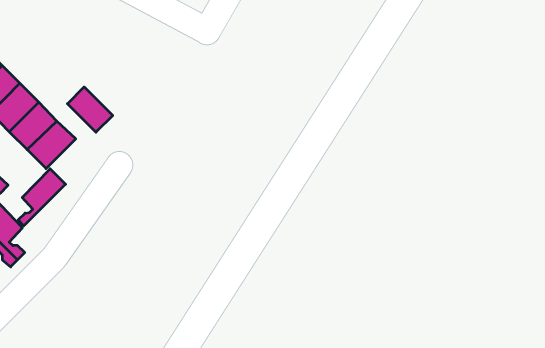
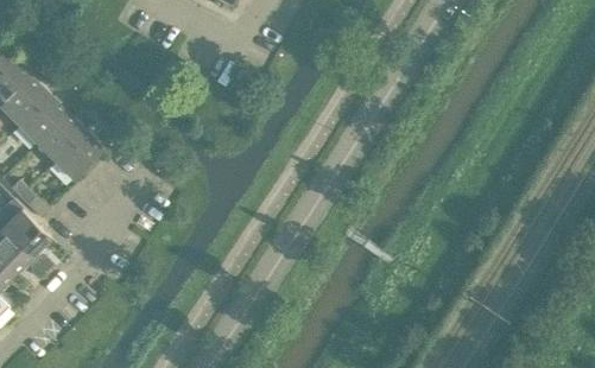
building: [67,87,113,132] -> none
building: [18,169,66,226] -> none

